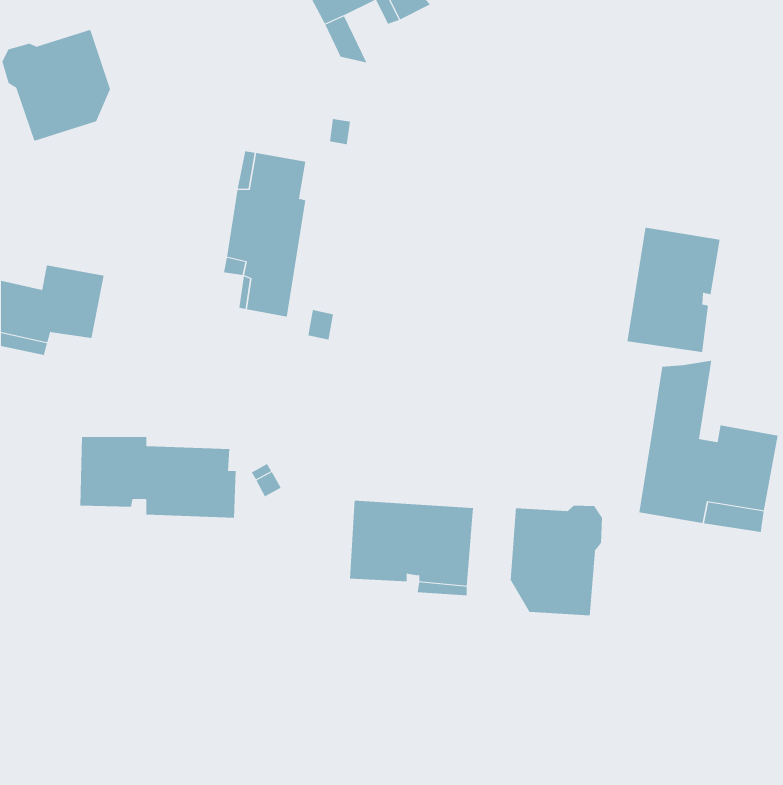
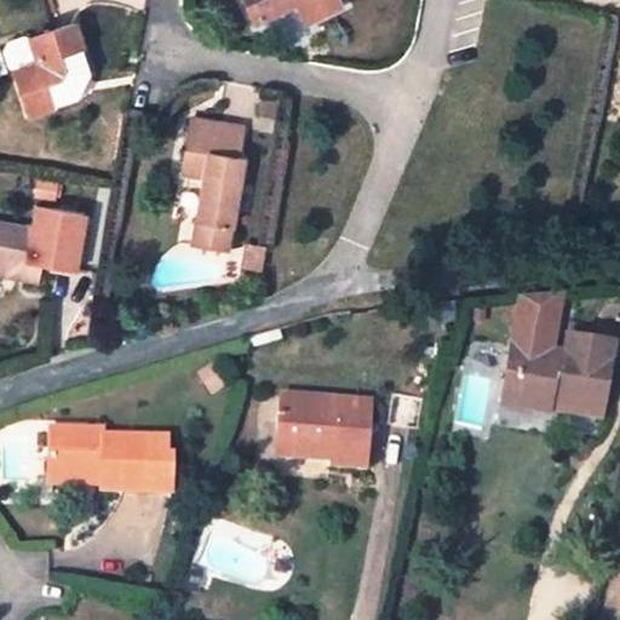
building: [627,227,720,353] -> none
building: [79,436,236,518] -> [51,426,174,490]
building: [510,505,602,616] -> none

